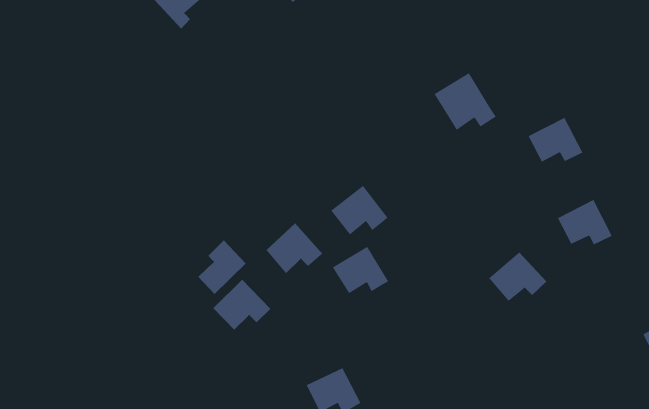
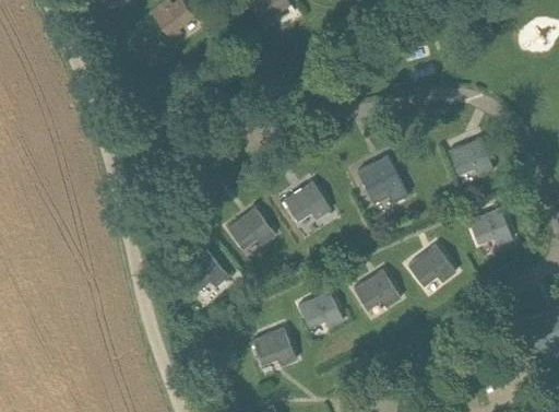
building: [434,72,497,131] -> [358,155,408,202]
building: [198,240,246,295] -> none
building: [332,246,389,294] -> [298,290,344,328]
building: none -> [354,269,401,308]

